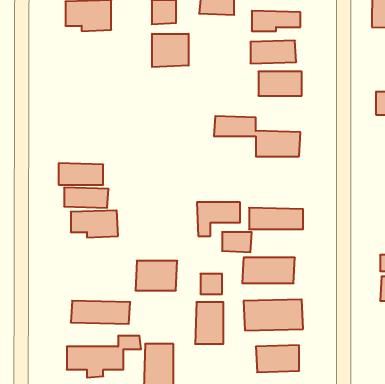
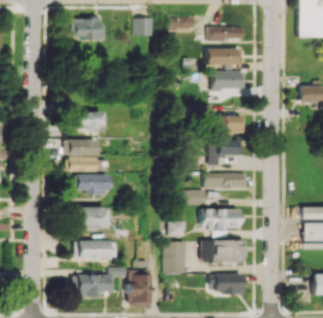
building: [152,34,189,67] -> none
building: none -> [74,112,105,131]
building: [197,202,240,236] -> [210,140,242,165]
building: [135,261,177,290] -> [76,207,107,229]

